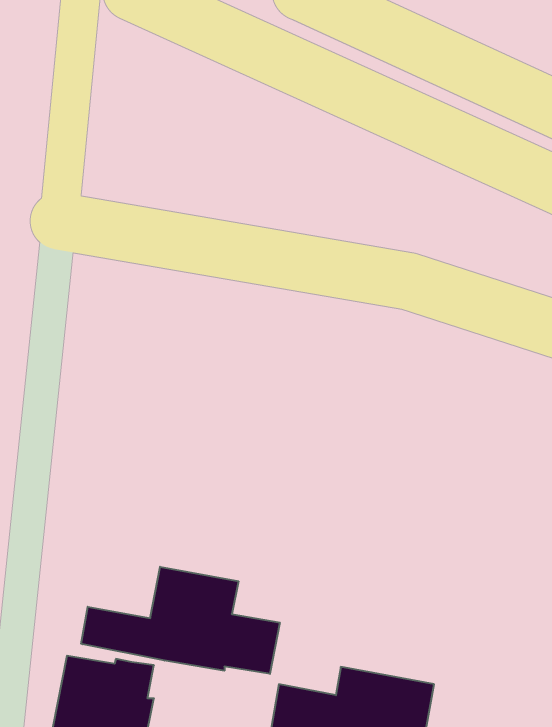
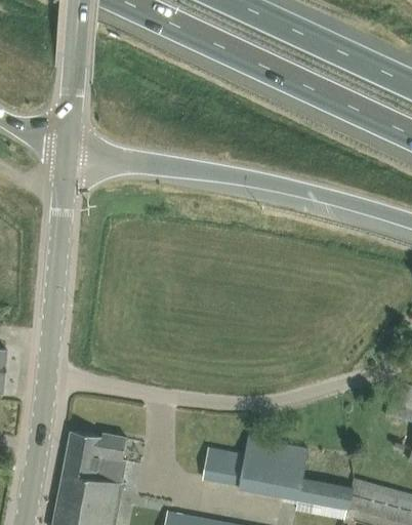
building: [81,567,280,674] -> none

